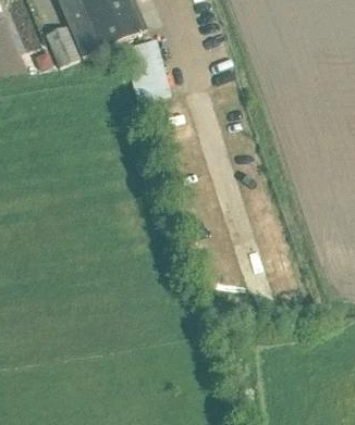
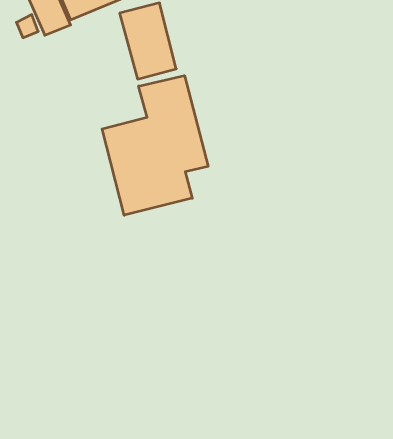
building: none -> [102,76,208,215]

